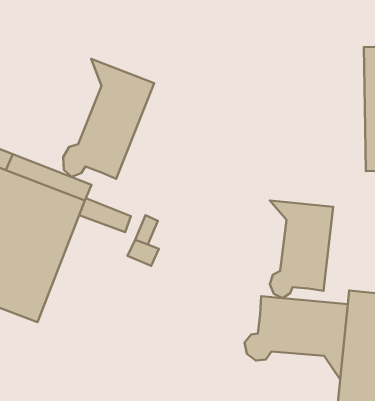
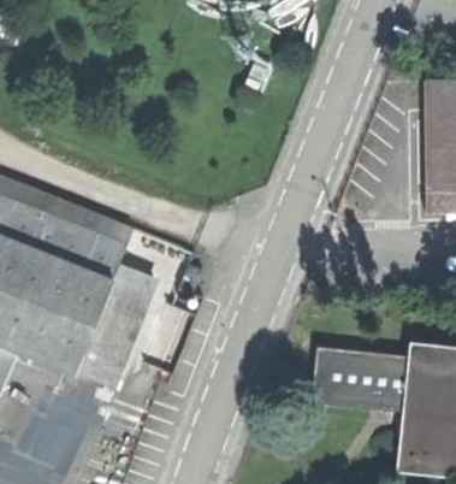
building: [63,59,154,179] -> none
building: [270,200,333,298] -> none
building: none -> [73,278,150,389]

